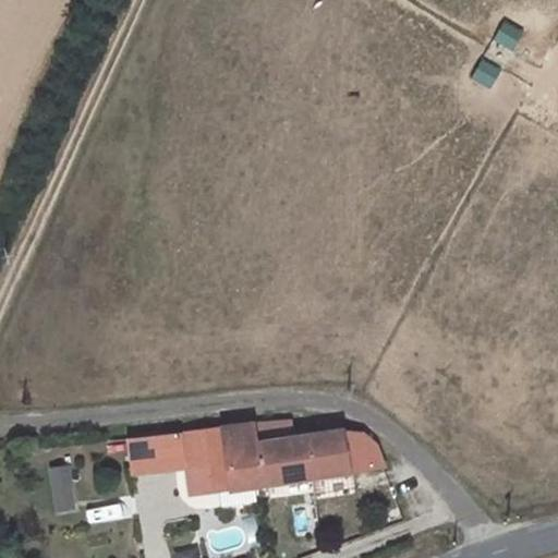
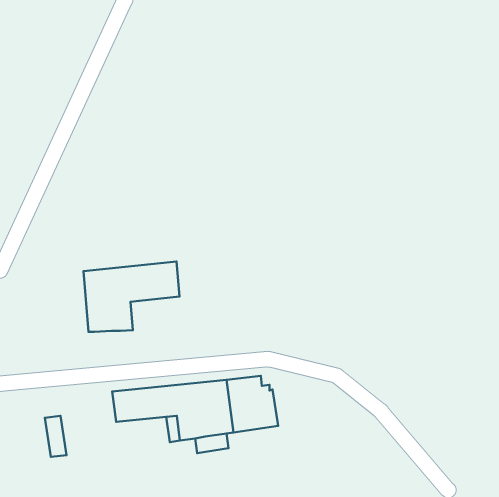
building: none -> [84,262,180,332]
building: [304,432,383,477] -> none

